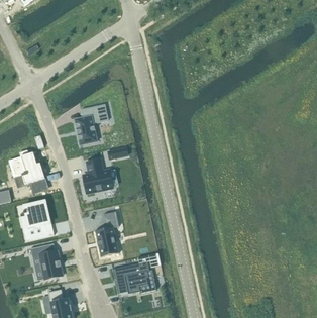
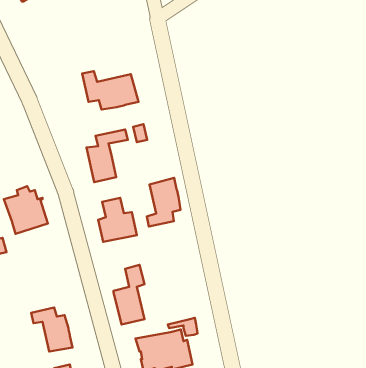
building: none -> [82,71,138,109]
building: none -> [147,178,180,227]
building: [25,201,49,238] -> none

